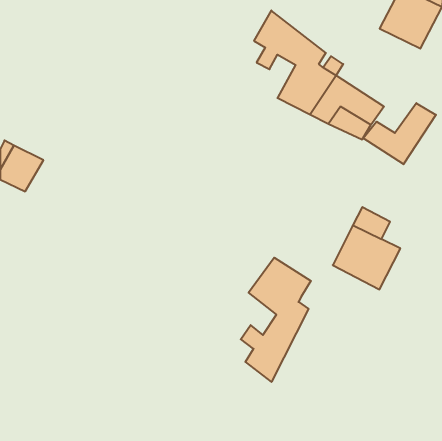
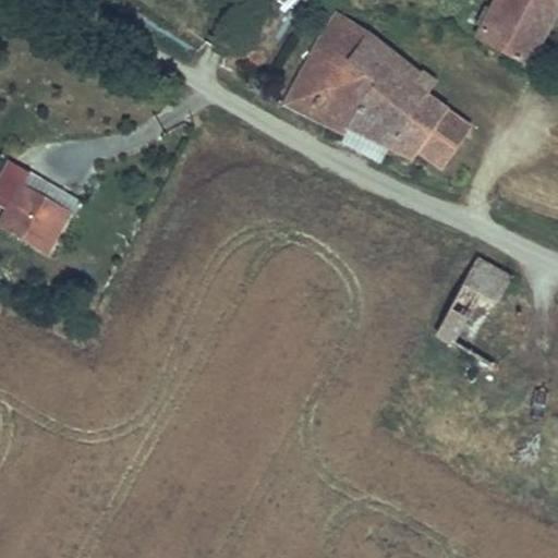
building: none -> [283,47,373,126]
building: [363,103,436,164] -> none
building: [241,258,311,382] -> none

